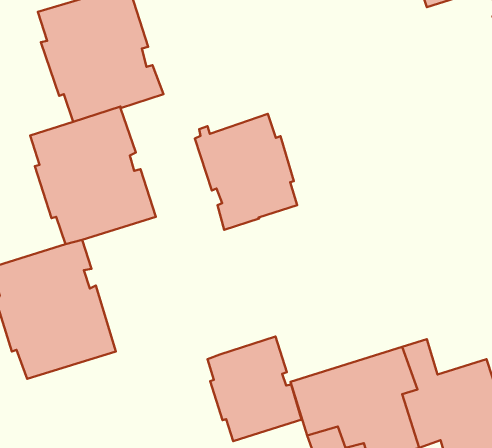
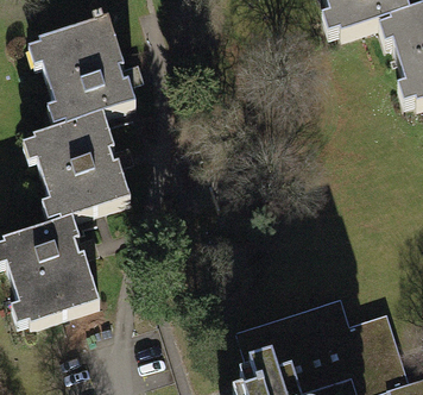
building: [195,114,297,230] -> none
building: [207,337,302,441] -> none

